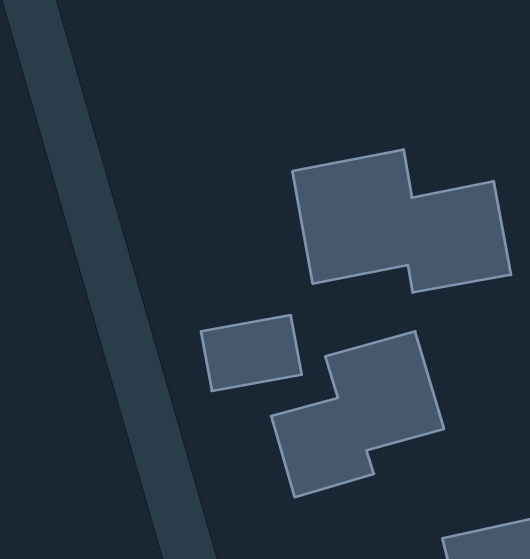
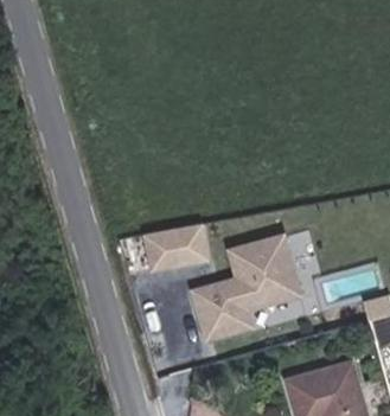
building: [293,149,511,293] -> none

